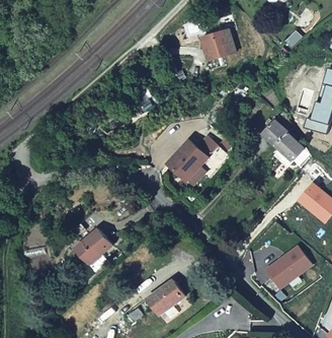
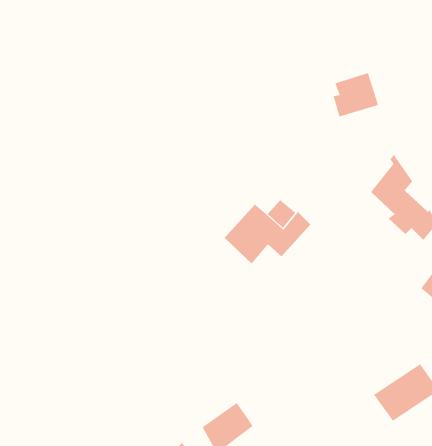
building: [203,30,235,61] -> [333,73,379,117]
building: [77,224,114,259] -> none

